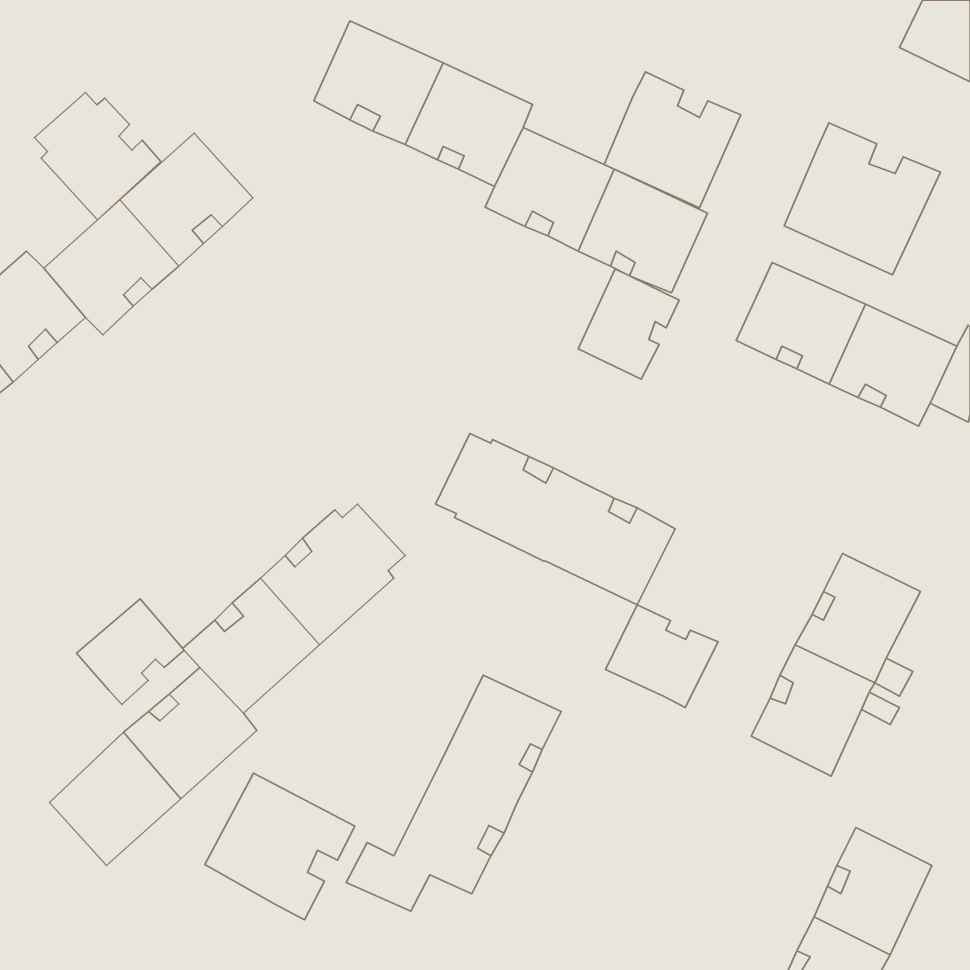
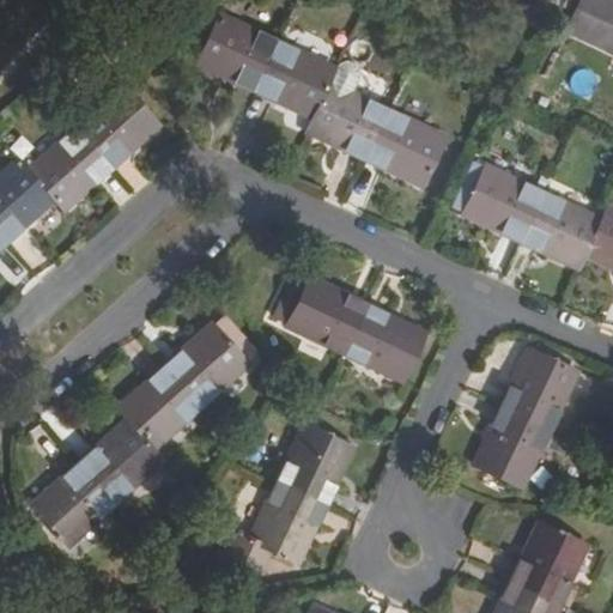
building: [604,72,741,208] -> none
building: [35,92,161,220] -> none
building: [784,123,940,275] -> none
building: [578,269,679,379] -> none
building: [77,599,184,704] -> none
building: [606,605,718,707] -> none
building: [205,773,355,920] -> none

